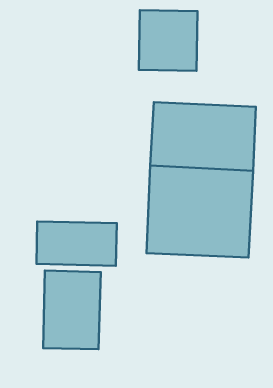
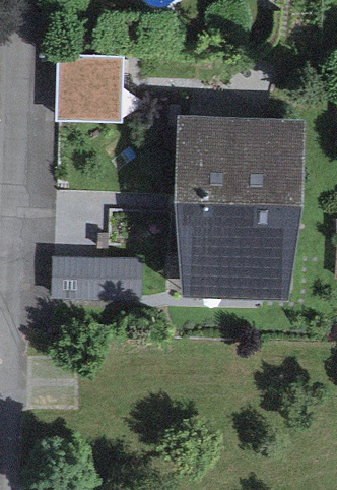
building: [139,10,197,71] -> [56,56,122,124]
building: [43,271,101,349] -> none

